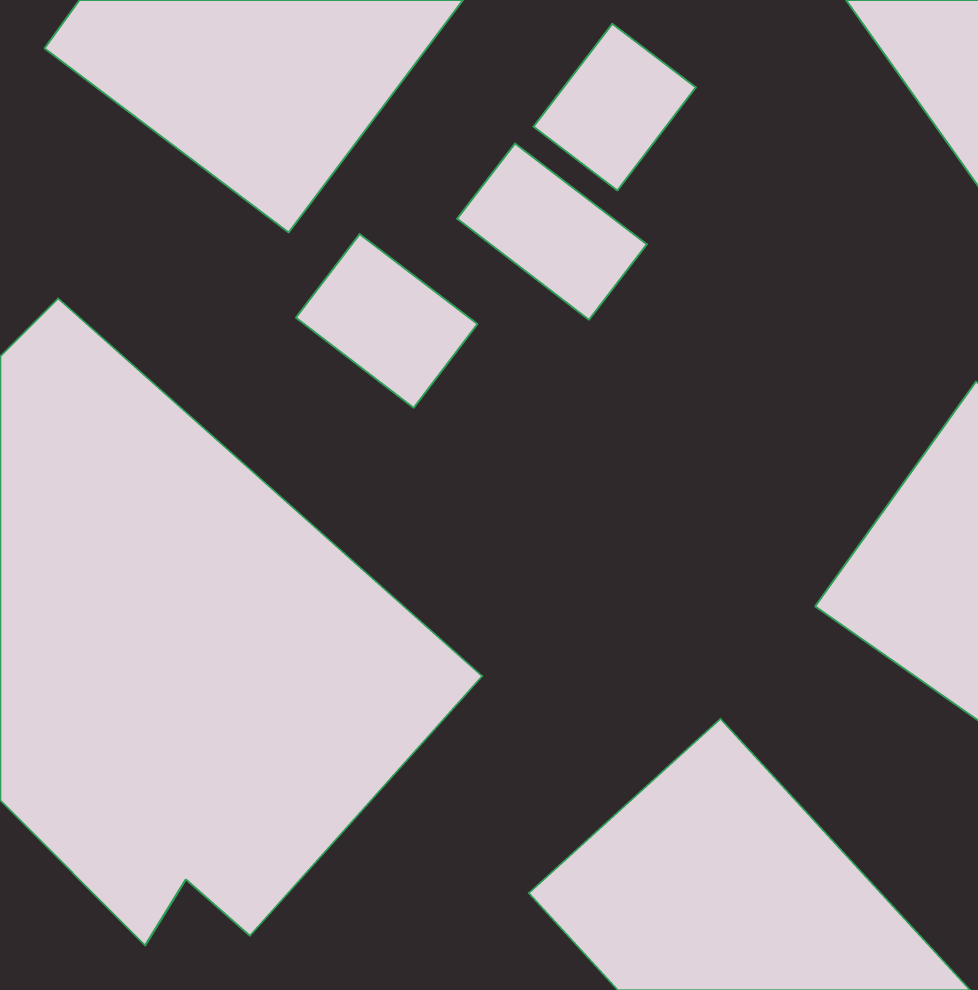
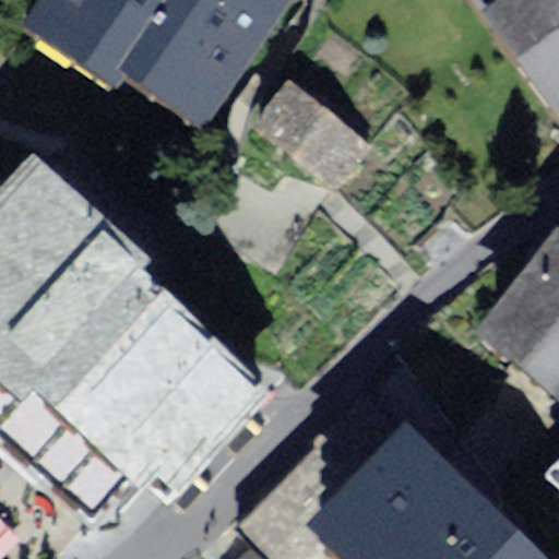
building: [533,24,696,190] -> none
building: [296,234,477,408] -> none

